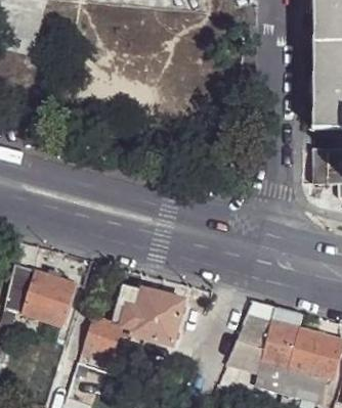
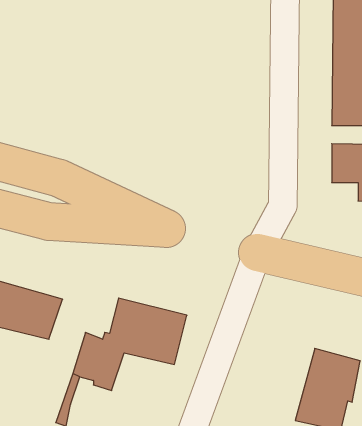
building: [223,315,298,393] -> none

